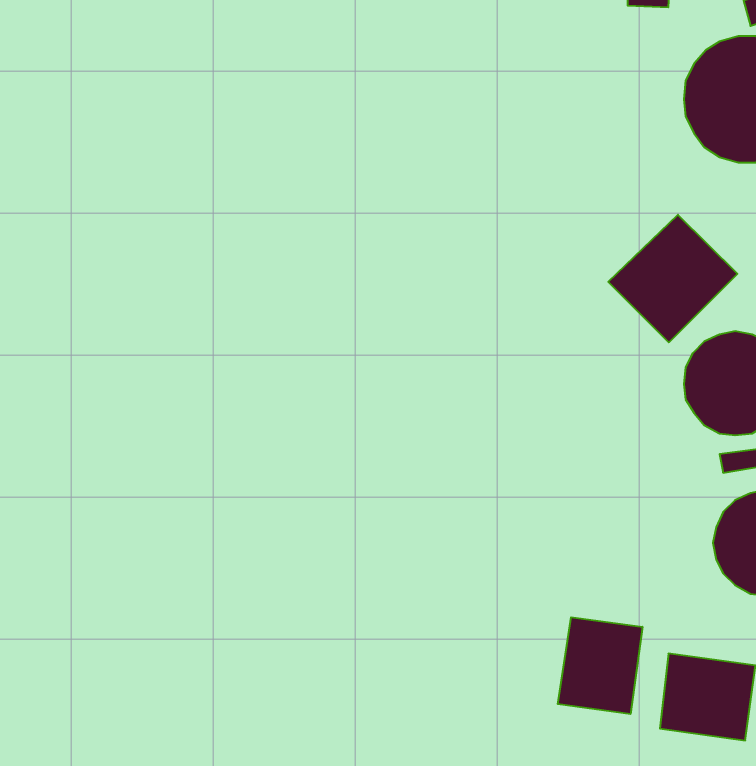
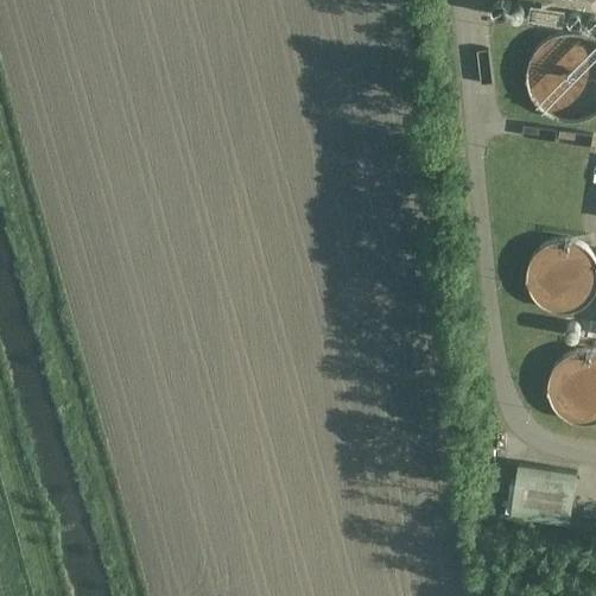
building: [608,215,737,342] -> none
building: [558,617,642,714] -> none

